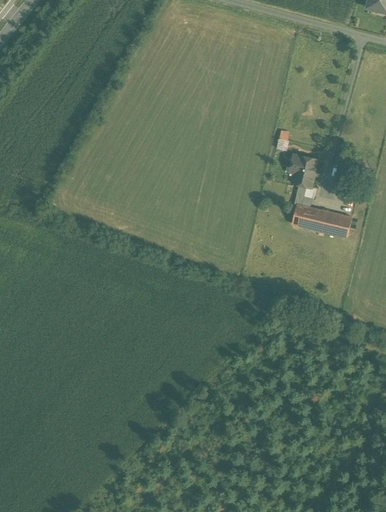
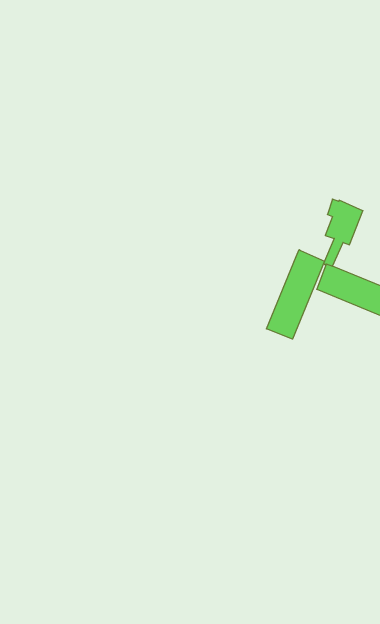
building: none -> [266,250,325,339]

